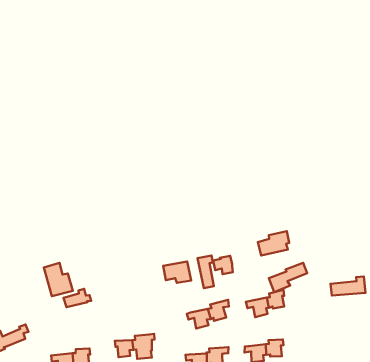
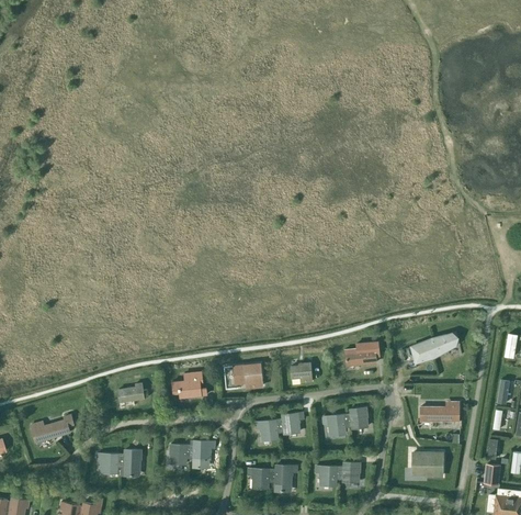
building: [197,256,214,288] -> none
building: [269,263,307,292] -> [411,333,455,362]
building: [44,263,73,296] -> none
building: none -> [171,370,206,396]
building: none -> [412,452,442,475]

